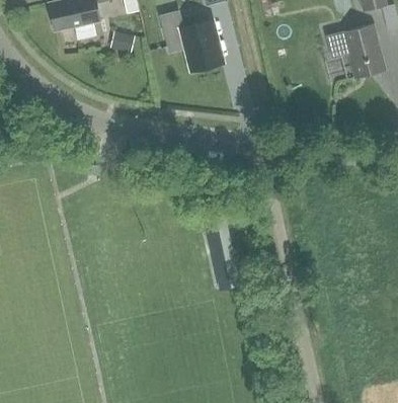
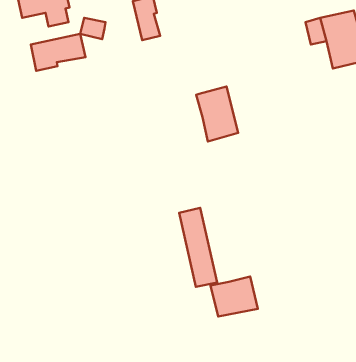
building: [181,19,222,72] -> [196,87,238,141]
building: none -> [31,34,85,71]
building: none -> [211,277,258,317]

